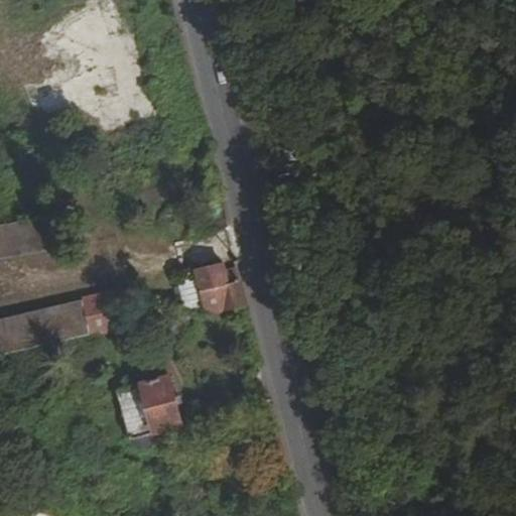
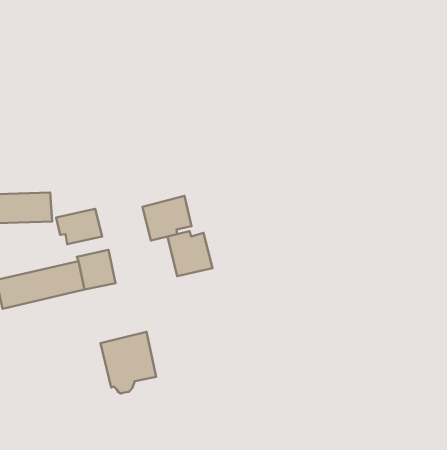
building: none -> [143,196,192,241]
building: none -> [56,209,102,244]

